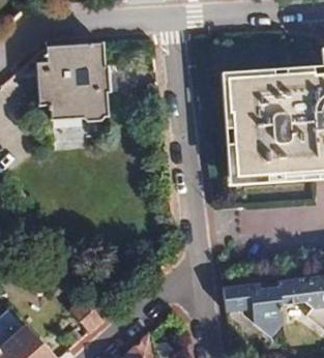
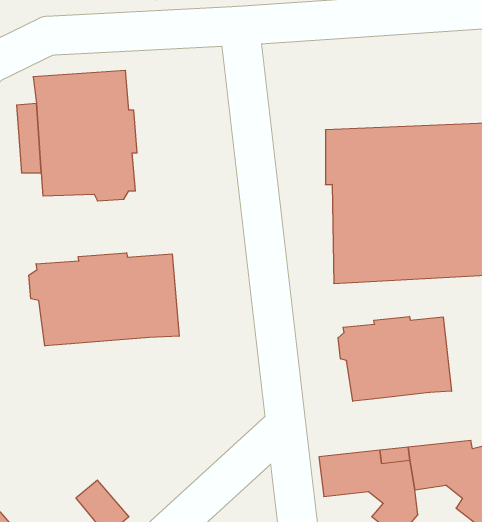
building: none -> [29,253,179,346]
building: none -> [338,316,452,401]

